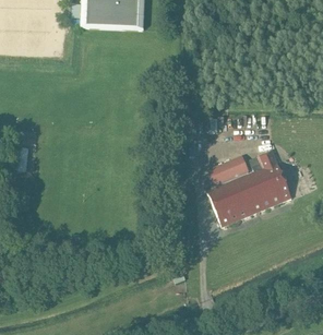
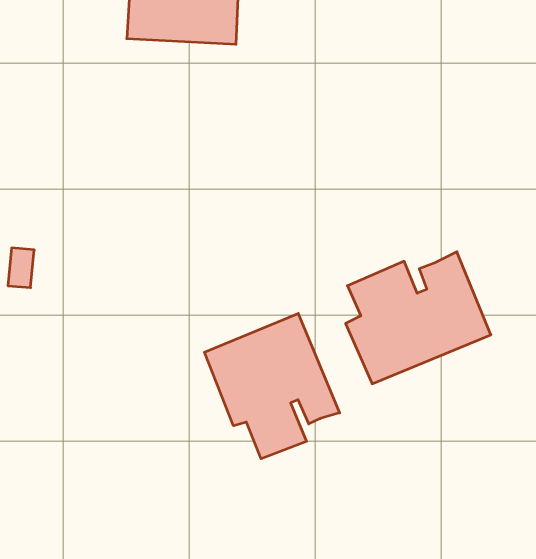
building: none -> [204,313,340,459]

